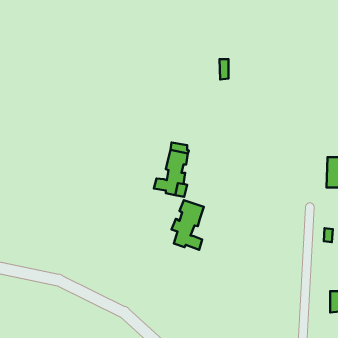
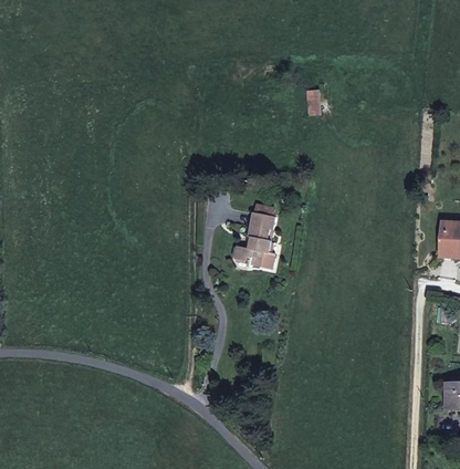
building: [171,200,204,250] -> none

